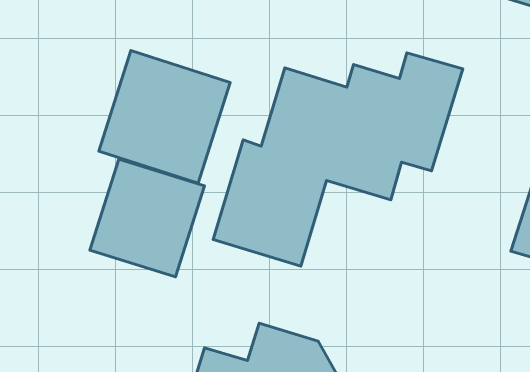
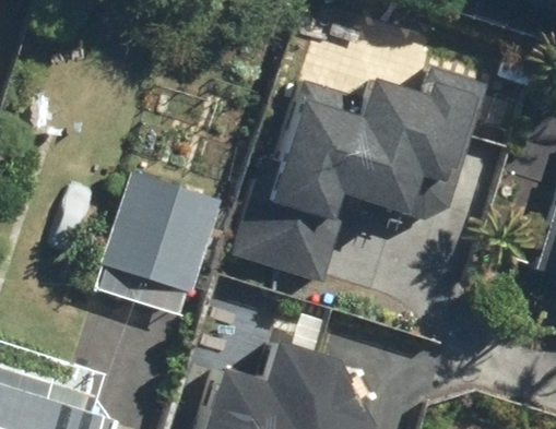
building: [99,50,230,183] -> none

